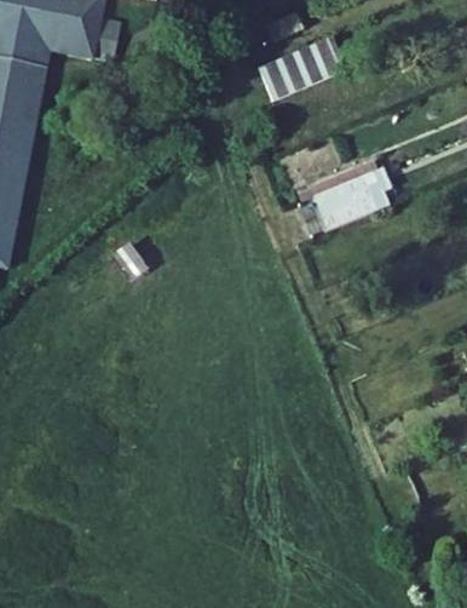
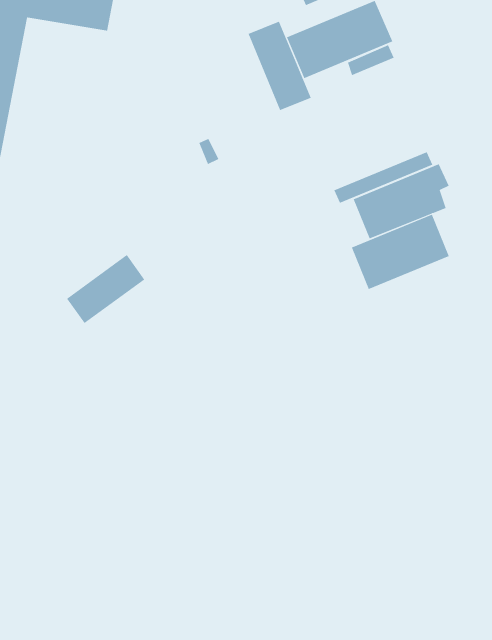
building: none -> [248,21,312,111]
building: none -> [351,214,449,290]

